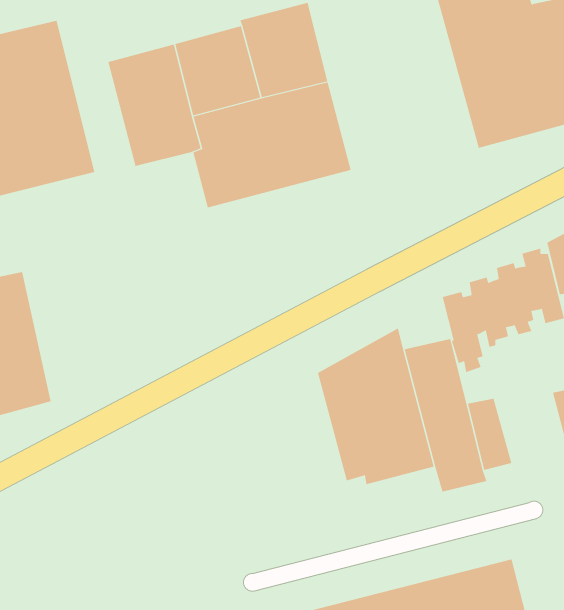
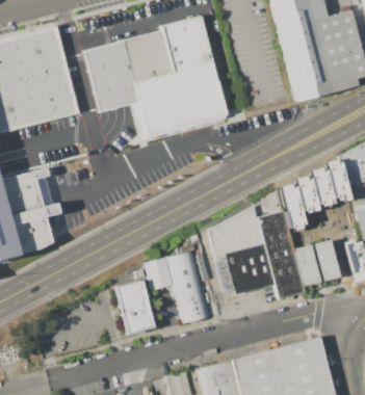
building: none -> [313,239,339,280]
building: none -> [144,249,210,323]
building: none -> [115,280,154,334]

